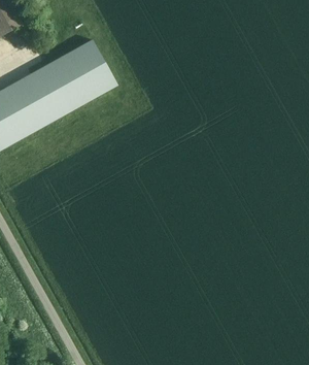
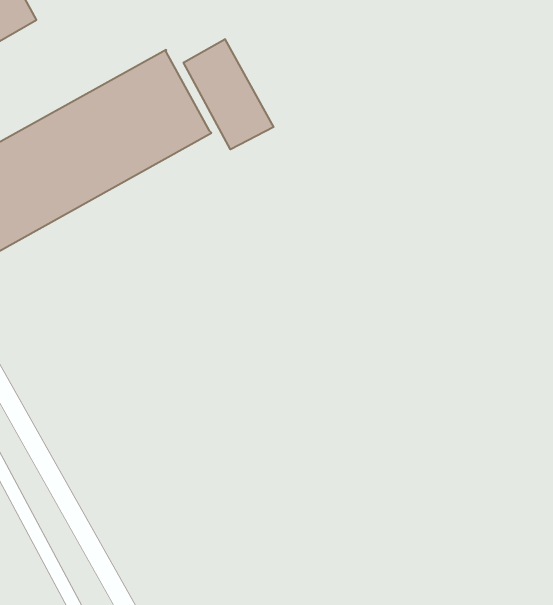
building: none -> [184,39,274,149]

